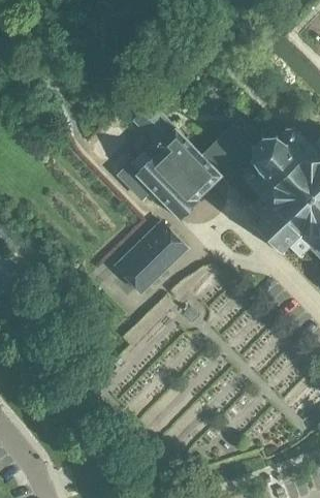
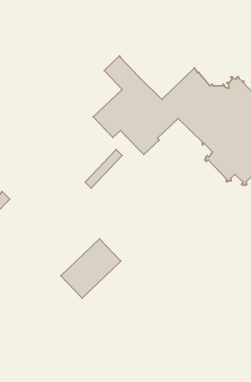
building: [114,222,186,293] -> [61,239,121,298]

